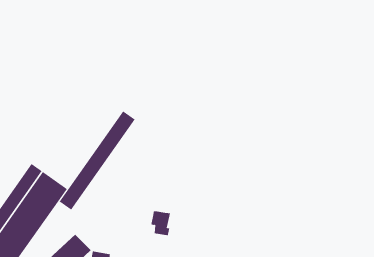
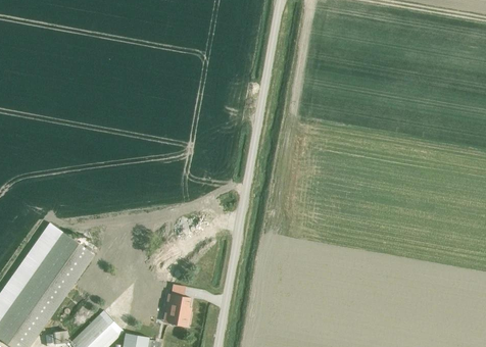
building: [59,111,136,210] -> none
building: [151,211,171,236] -> [165,295,191,327]

